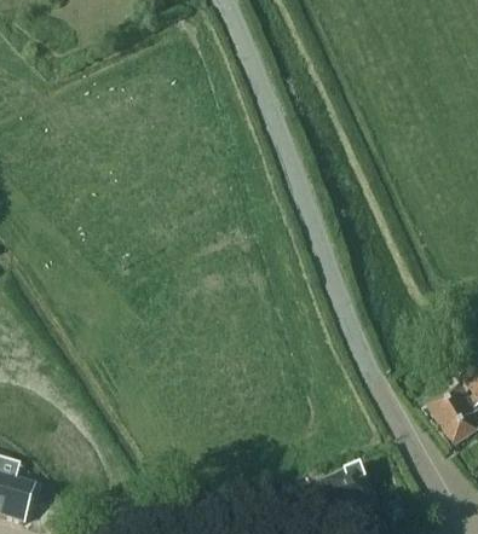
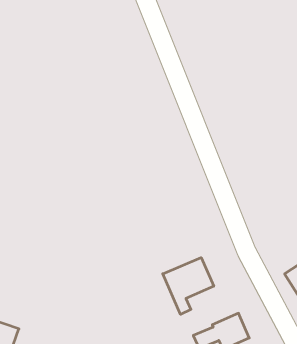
building: none -> [163,258,214,314]

